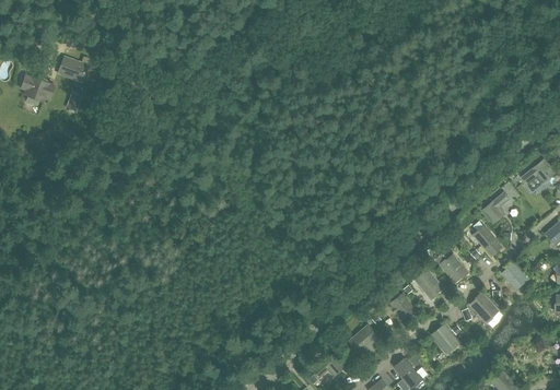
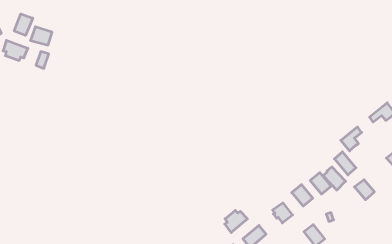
building: none -> [14,14,33,35]
building: [469,292,500,323] -> [323,167,346,190]
building: none -> [225,210,247,233]

